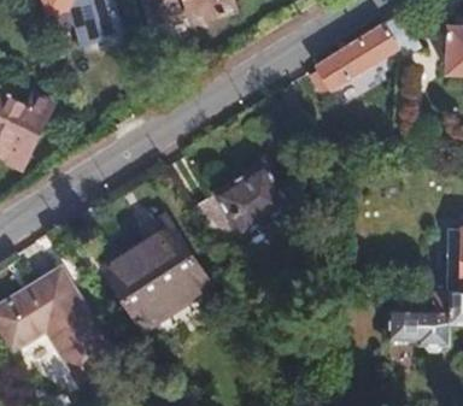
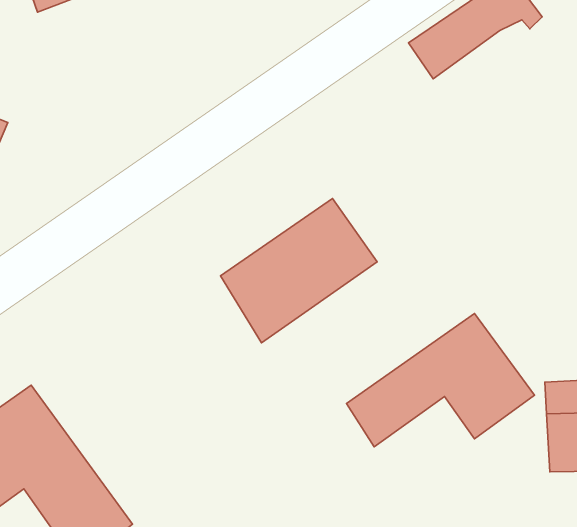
building: [98,222,200,322] -> none
building: none -> [346,314,535,447]

